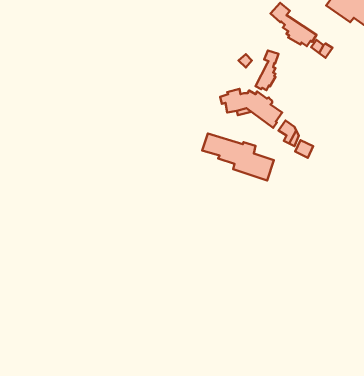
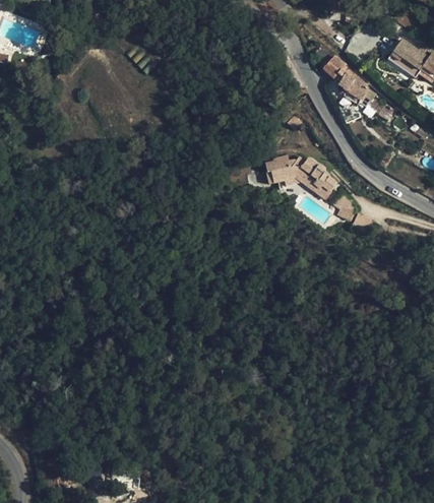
building: [256,50,278,90] -> none
building: [202,133,274,180] -> none

